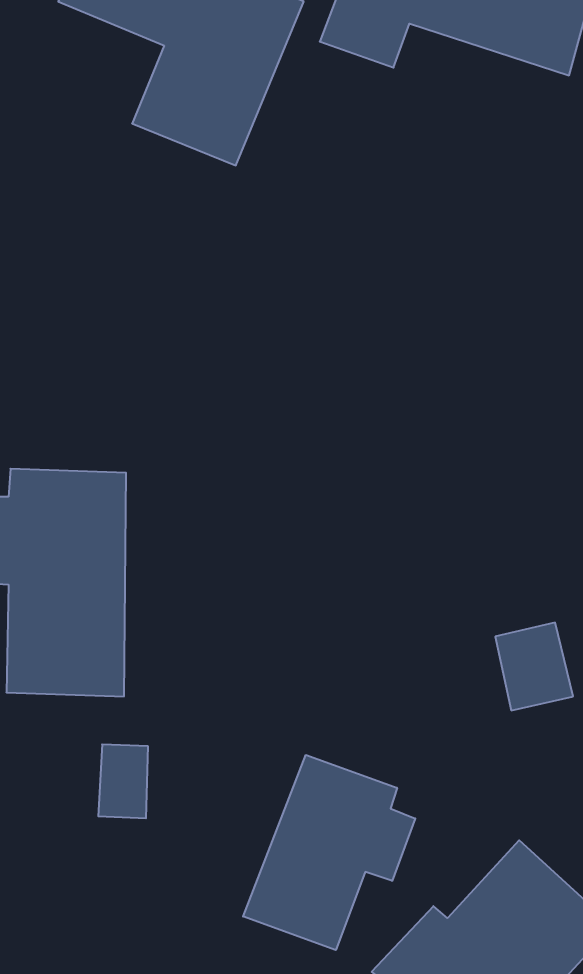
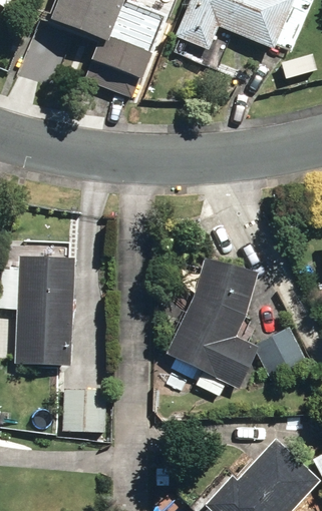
building: none -> [167,257,255,380]
building: [243,755,415,950] -> none

